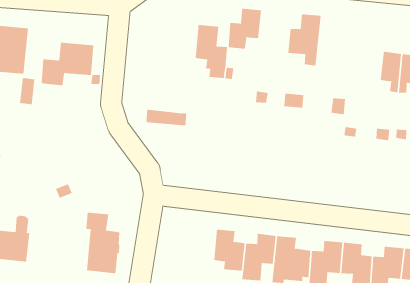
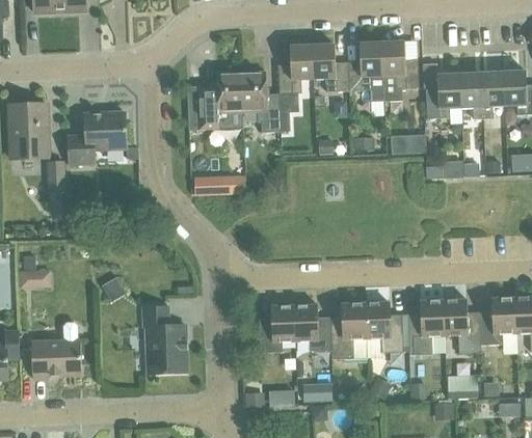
building: none -> [312,44,348,91]
building: none -> [381,40,417,101]
building: none -> [203,72,243,131]
building: none -> [424,73,459,118]
building: none -> [260,305,296,352]

